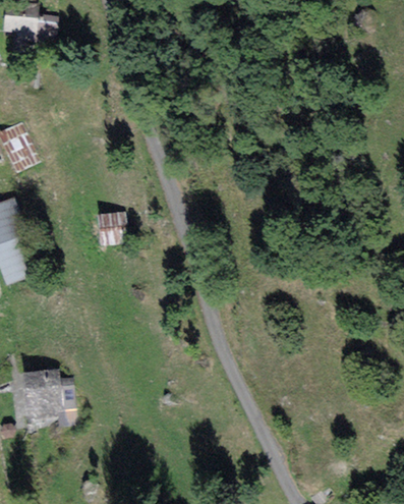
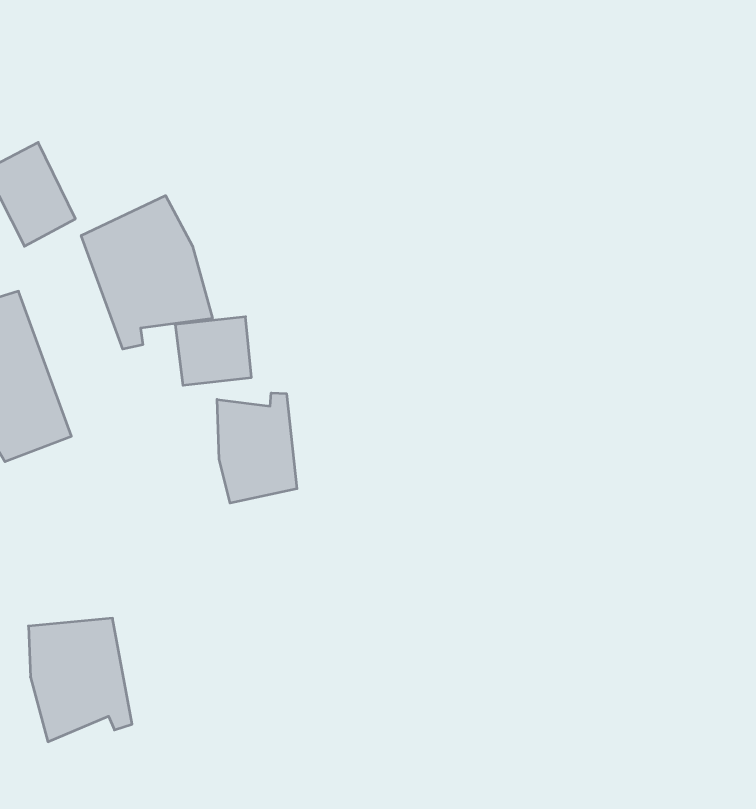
building: none -> [81,196,212,349]
building: none -> [217,393,297,503]

